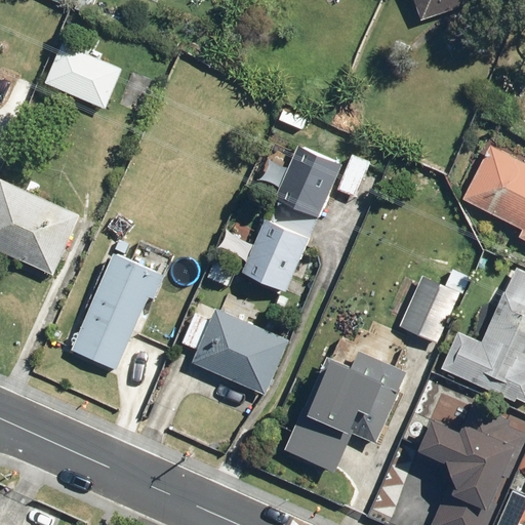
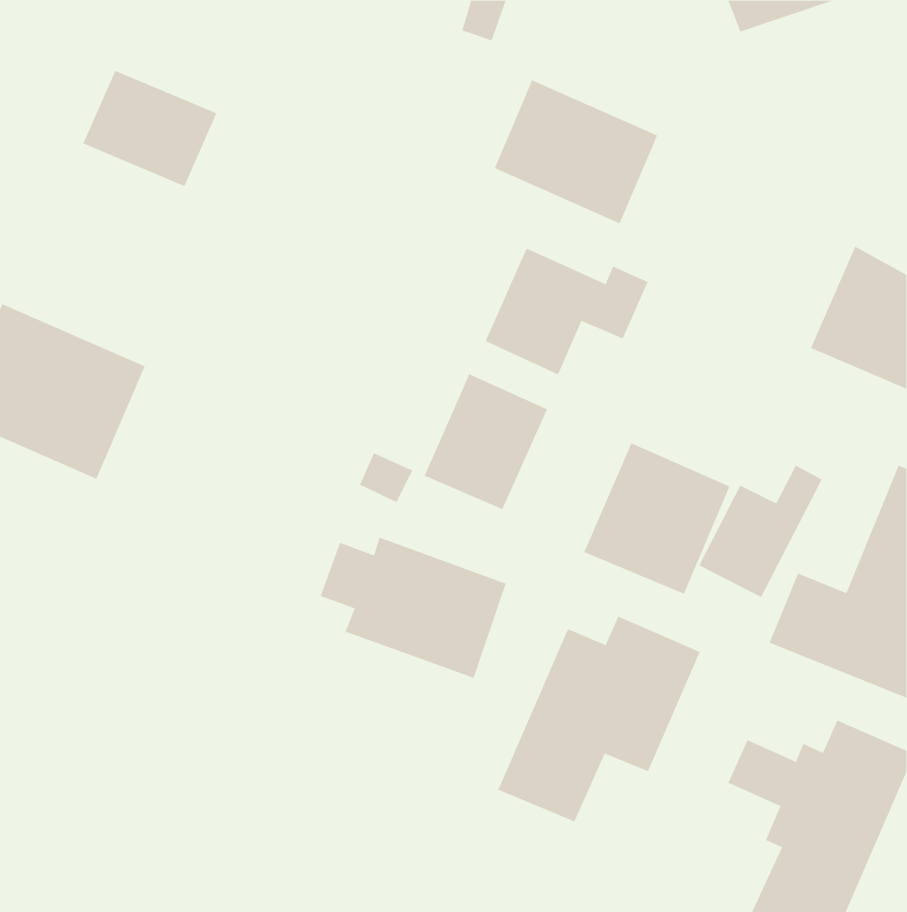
building: none -> [494,79,658,224]
building: [75,249,162,366] -> none
building: none -> [584,443,730,595]

